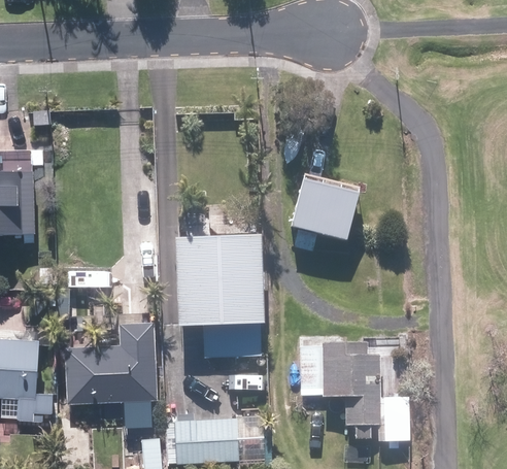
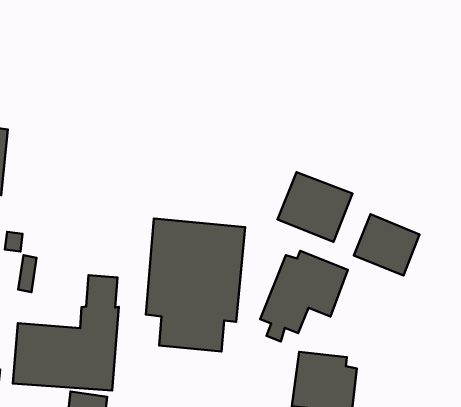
building: none -> [354,214,419,275]
building: none -> [260,251,348,342]

